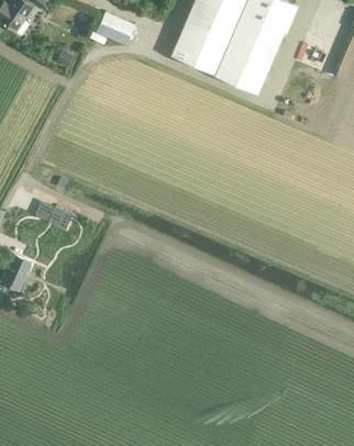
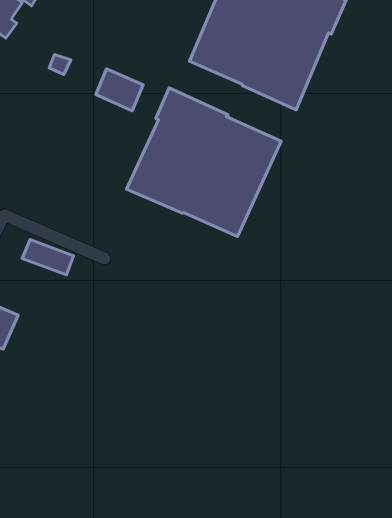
building: [96,11,134,45] -> [96,69,143,111]
building: none -> [127,88,281,236]

